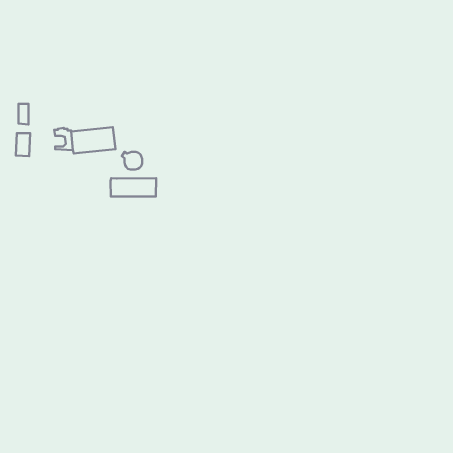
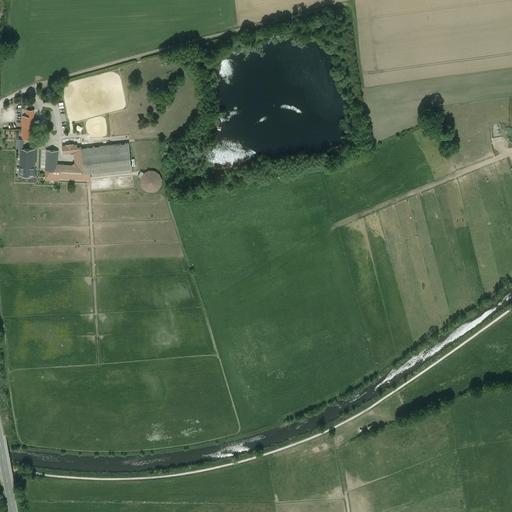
building: none -> [44,151,90,182]
building: [111,178,156,197] -> none

